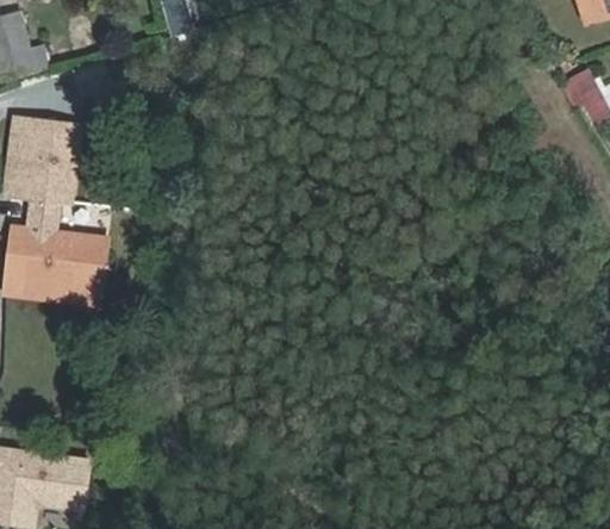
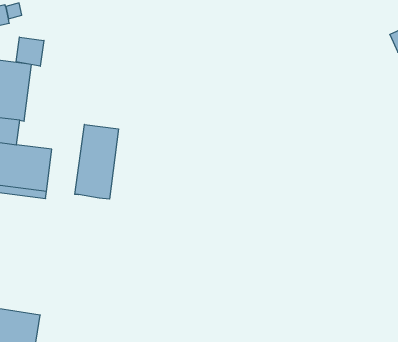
building: none -> [16,37,44,66]
building: none -> [75,124,118,199]

